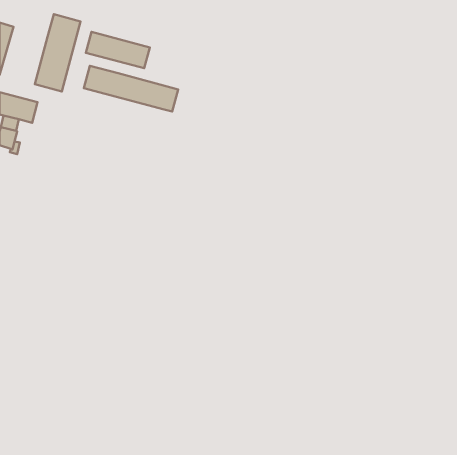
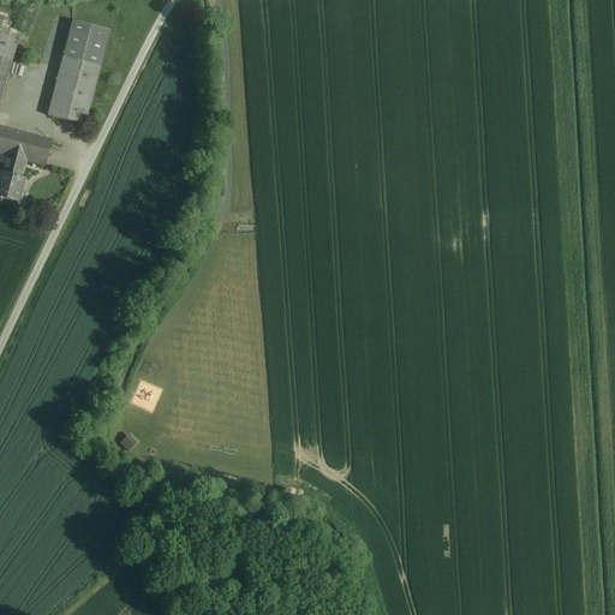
building: [86,32,150,68] -> none
building: [84,66,178,112] -> none

